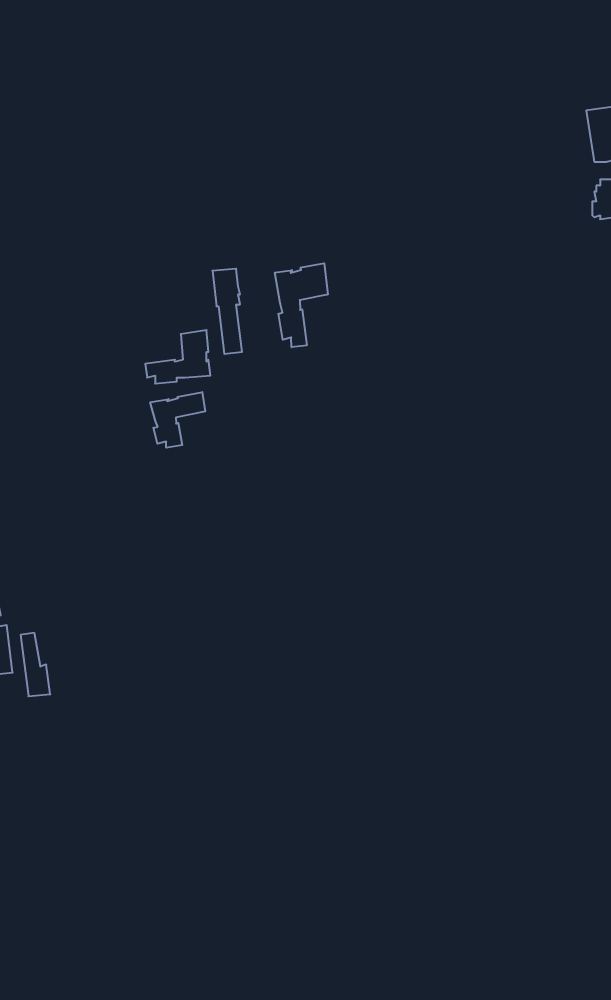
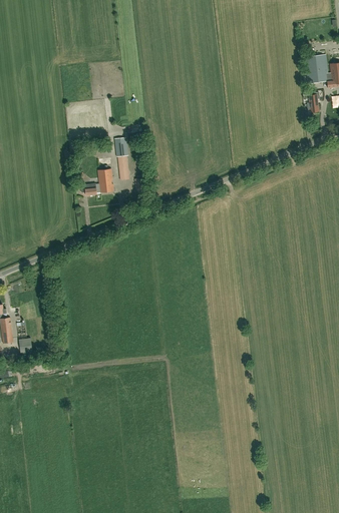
building: [275,263,328,347] -> none
building: [150,392,205,448] -> none

